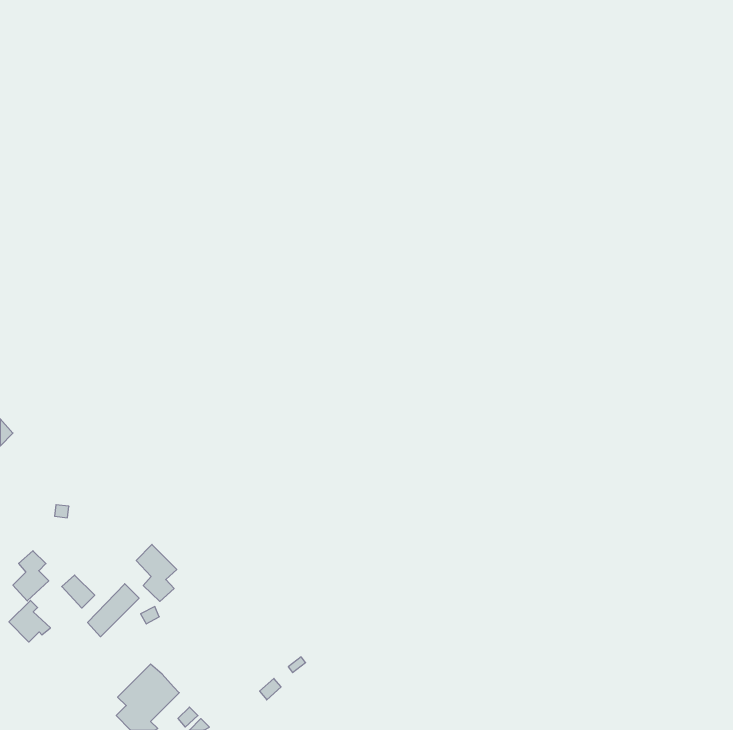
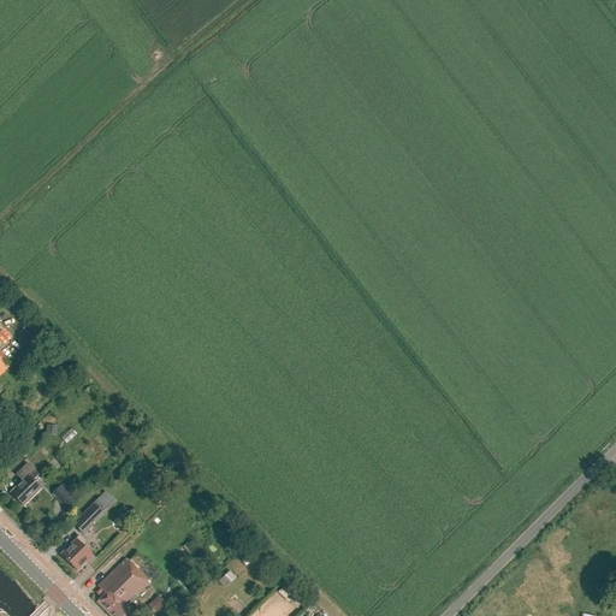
building: [136,544,177,601] -> none
building: [9,600,50,642] -> [61,534,96,569]

